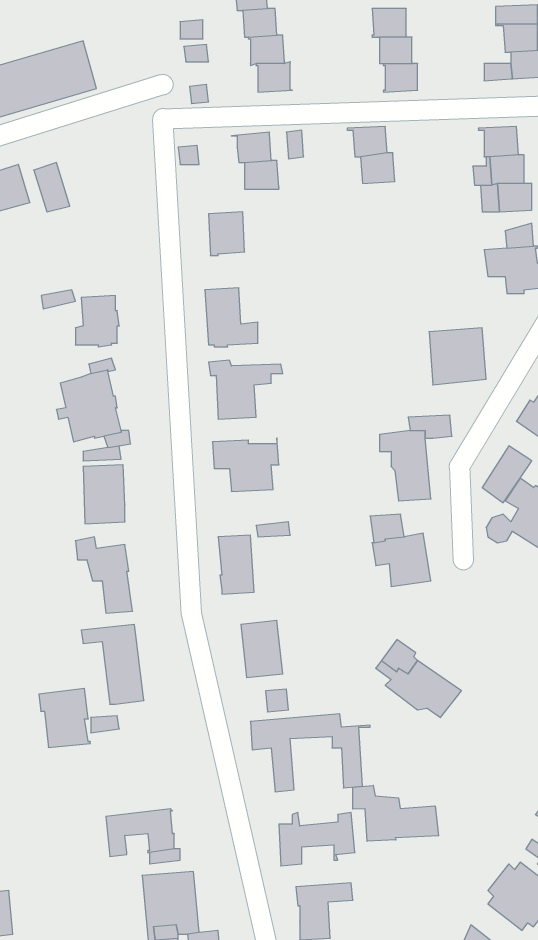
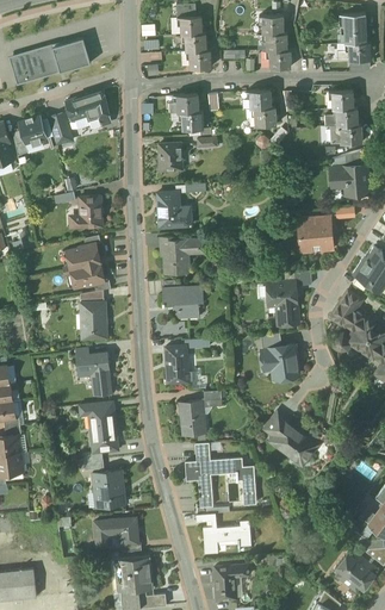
building: none -> [66,91,111,126]
building: [39,688,90,747] -> [93,471,125,508]
building: [353,785,439,841] -> none

